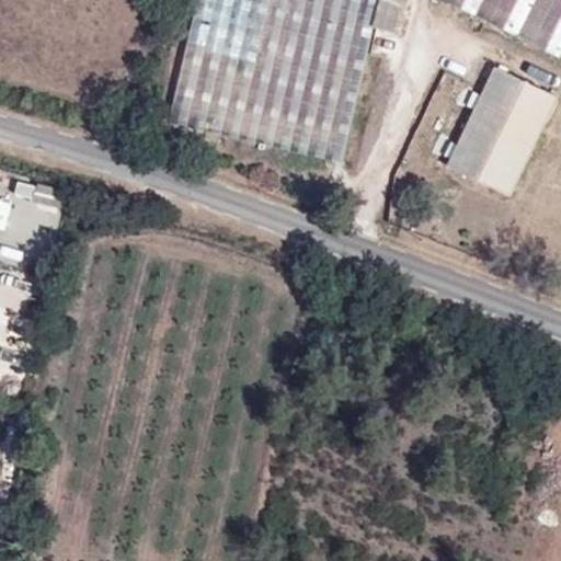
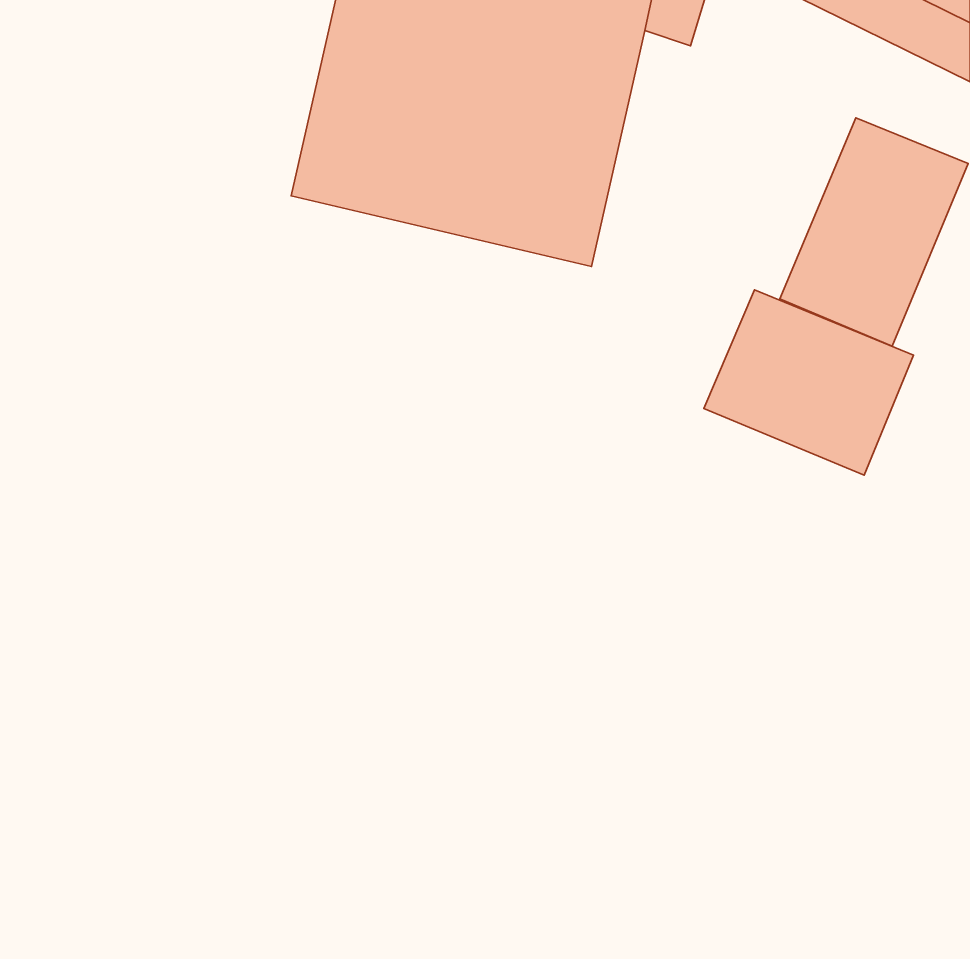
building: none -> [704,290,913,475]

